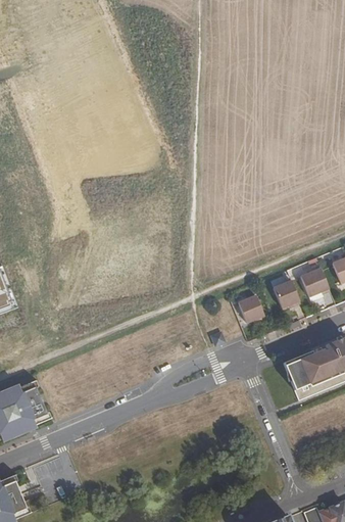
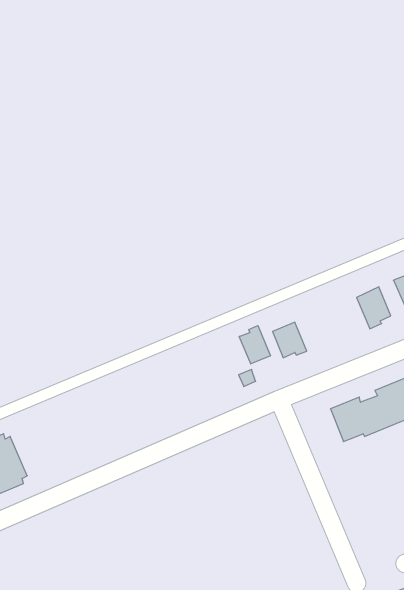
building: [274,280,300,309] -> none
building: none -> [239,326,270,364]

